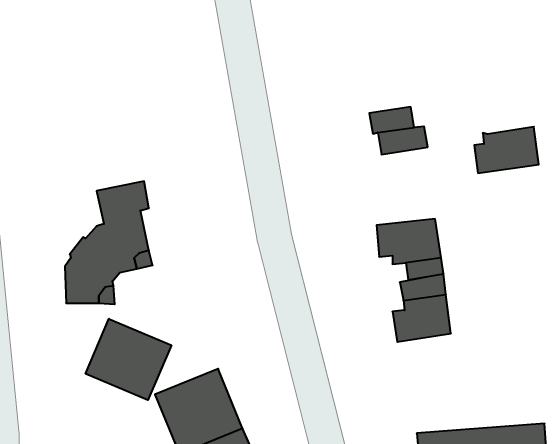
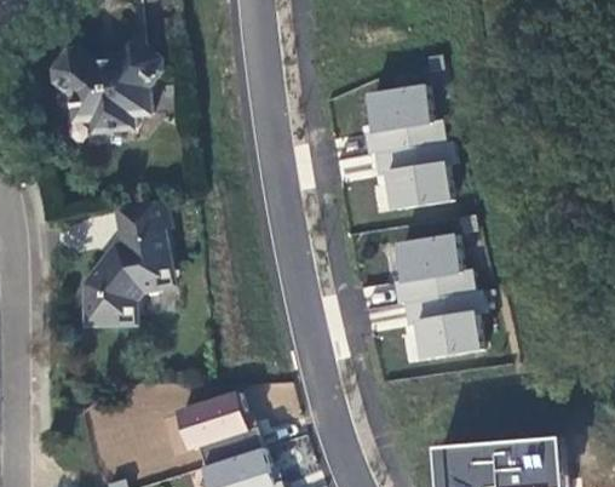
building: none -> [53,42,161,128]
building: none -> [368,87,427,132]
building: [474,127,539,173] -> [385,165,449,211]
building: [86,319,171,400] -> none

